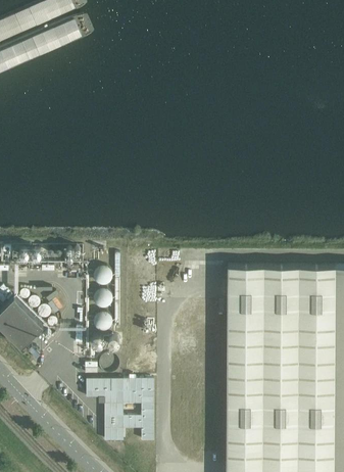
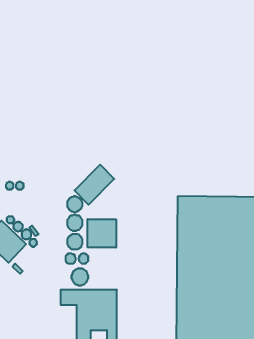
building: none -> [74,165,114,205]
building: none -> [88,219,116,248]

